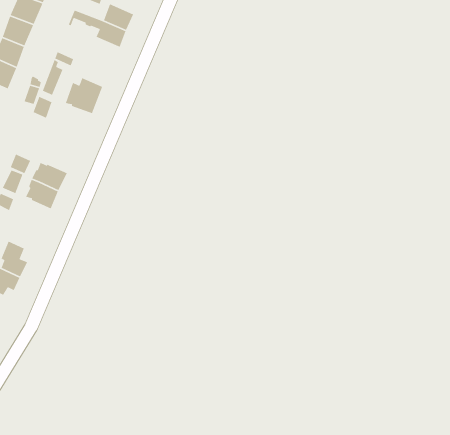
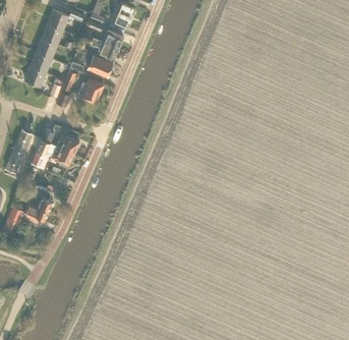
building: none -> [75,50,112,76]

